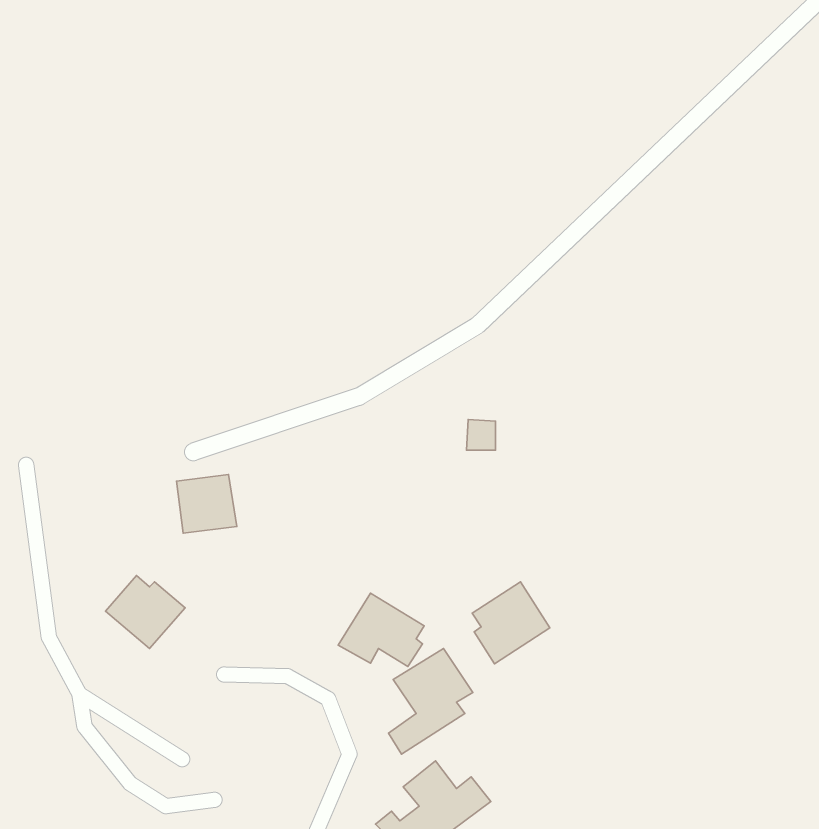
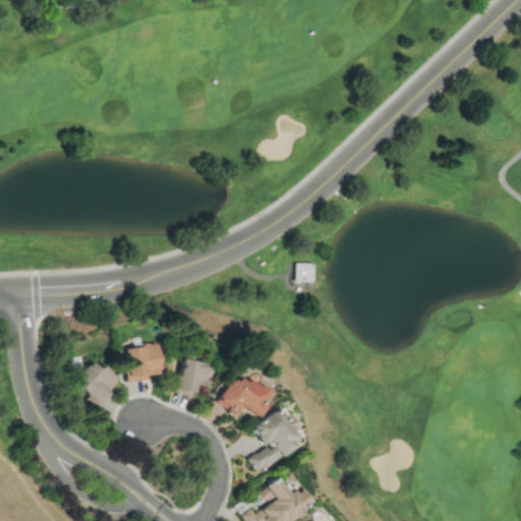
building: [177,475,237,533] -> [126,344,164,381]
building: none -> [177,358,213,396]
building: [472,582,550,664] -> none

